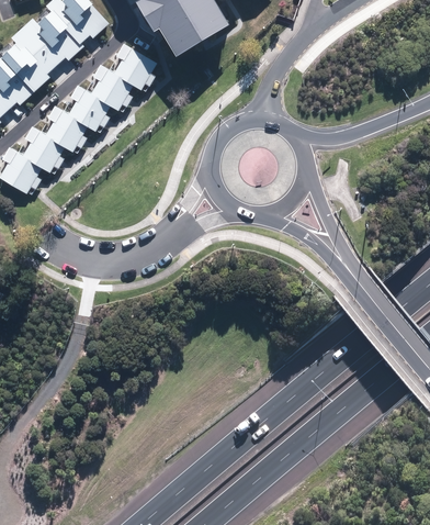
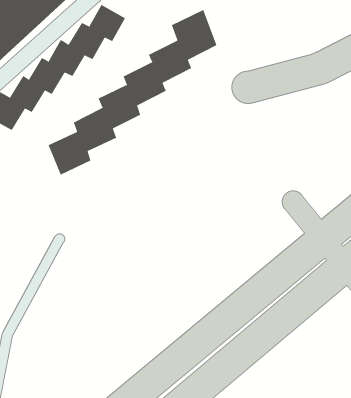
building: none -> [48,9,217,175]

